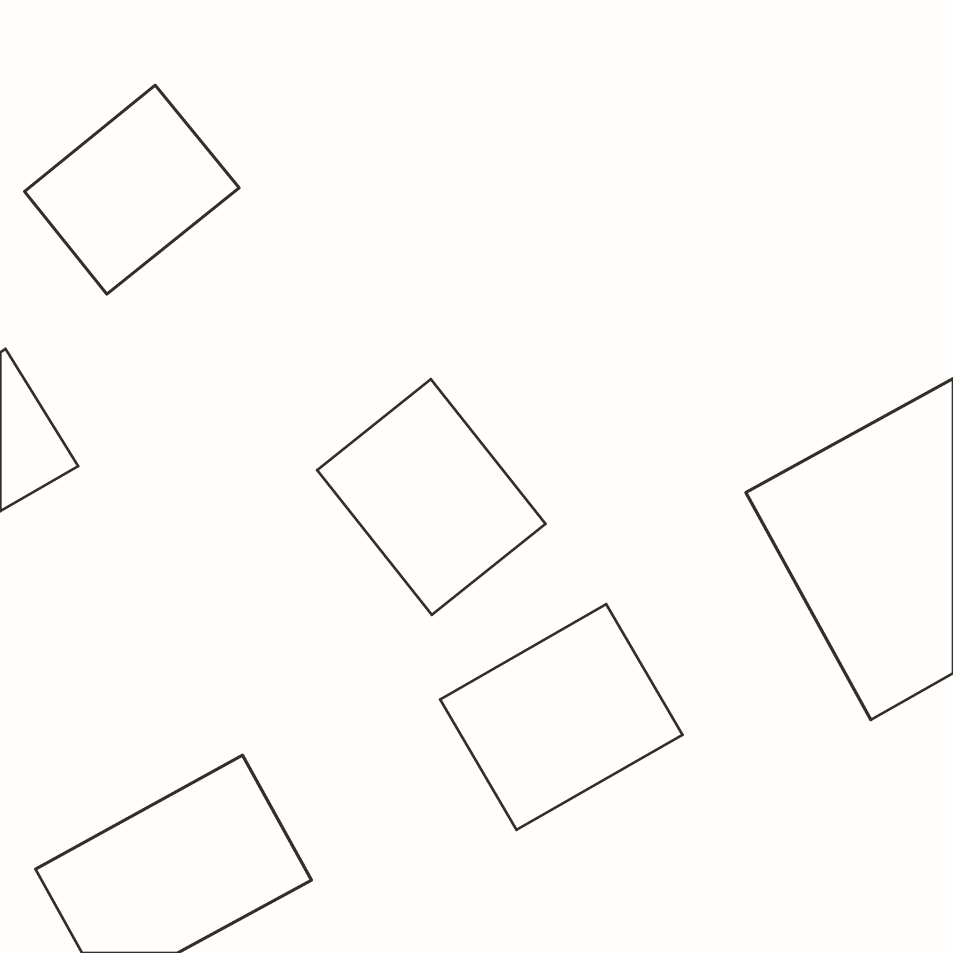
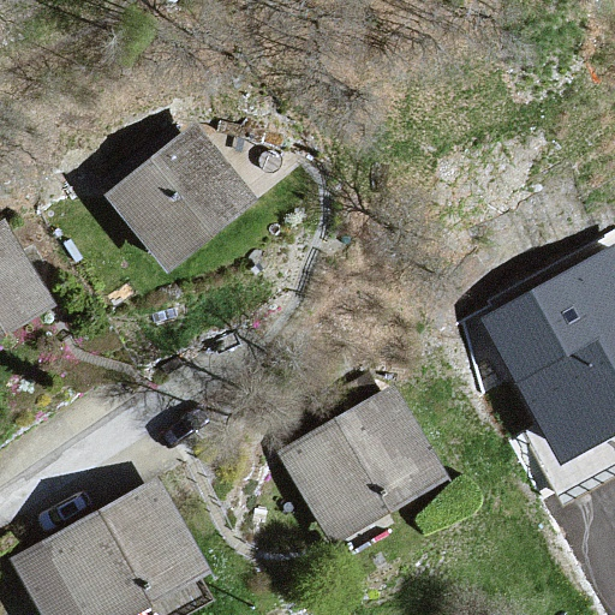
building: [25,85,239,294] -> [112,130,250,264]
building: [317,379,545,615] -> none

